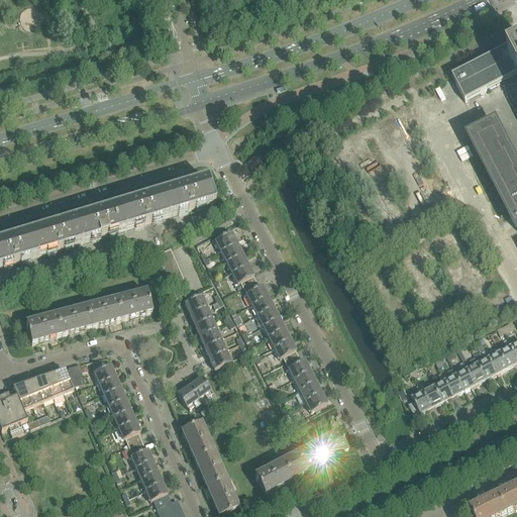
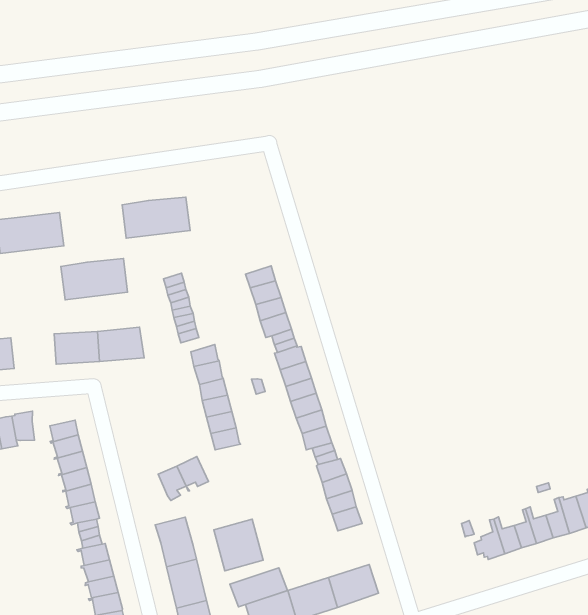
building: [162,175,212,212] -> none
building: [74,202,124,238] -> [61,259,128,300]
building: [55,302,90,331] -> none
building: none -> [214,519,263,571]
building: none -> [230,568,287,607]

